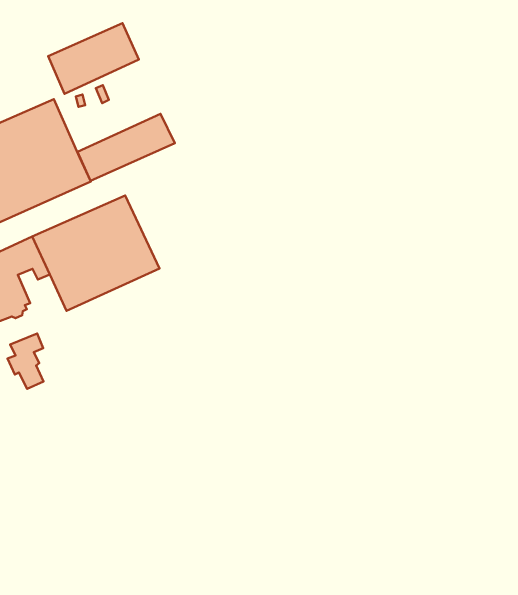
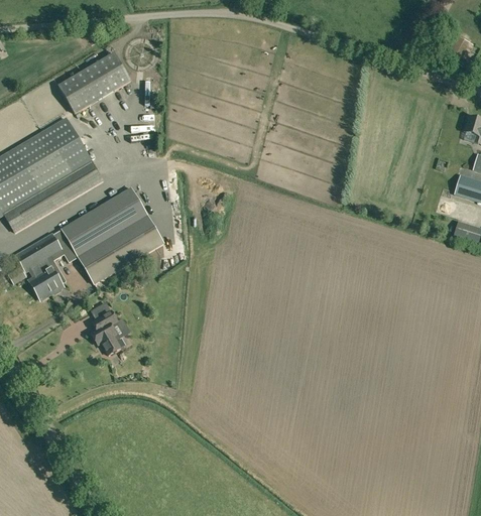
building: [78,114,175,181] -> none
building: [7,333,43,389] -> [91,309,121,354]

